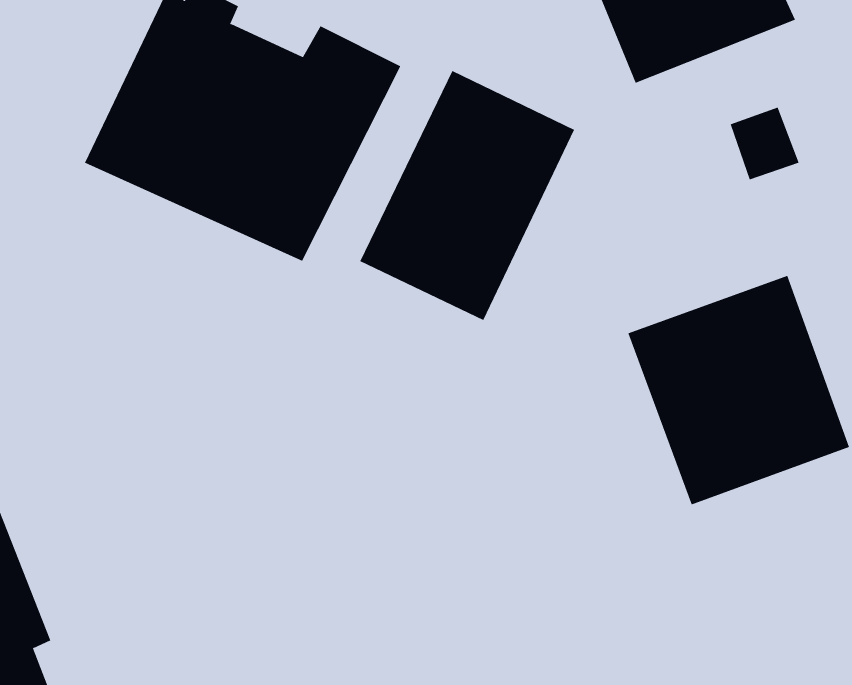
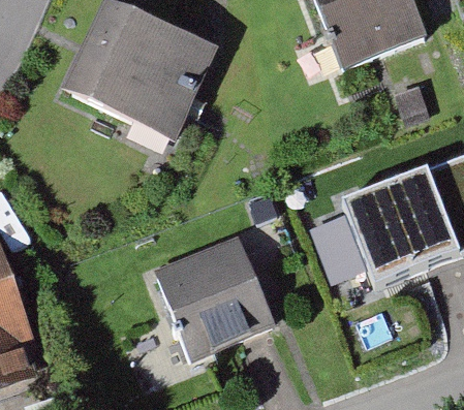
building: [359,70,575,321] -> none
building: none -> [148,254,269,378]

